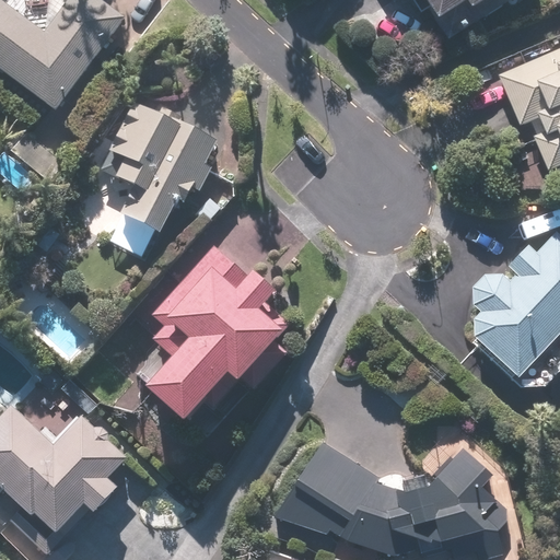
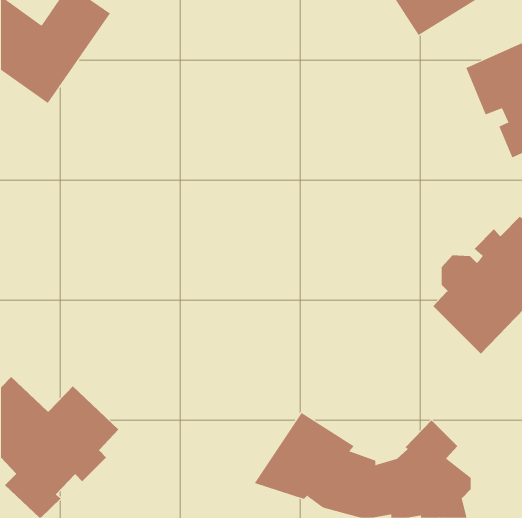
building: [96,100,213,237] -> none
building: [140,244,281,425] -> none

